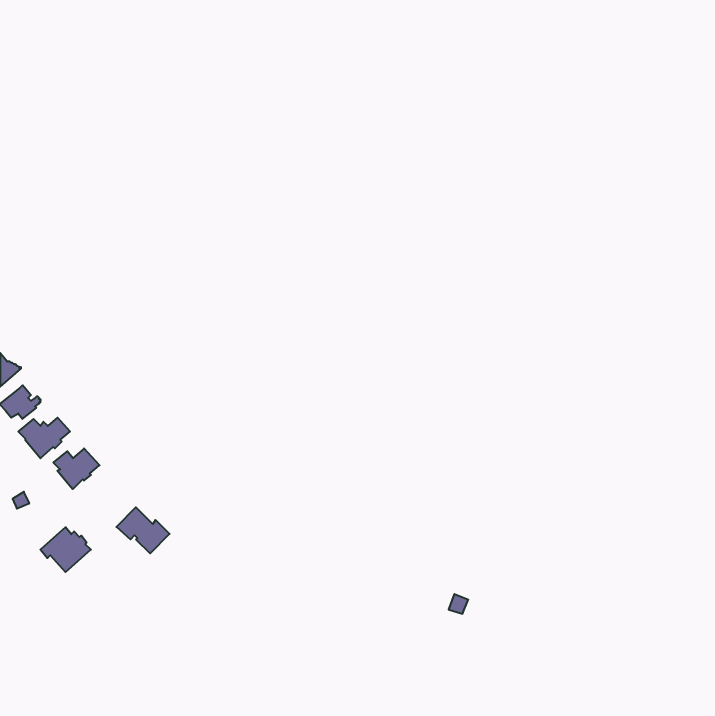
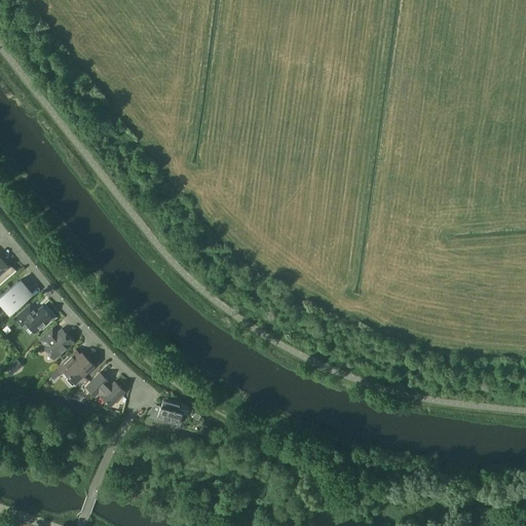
building: [40,527,91,572] -> [58,349,95,382]
building: none -> [157,397,182,424]

